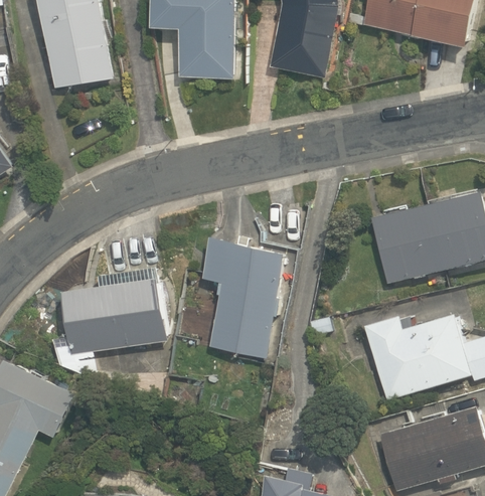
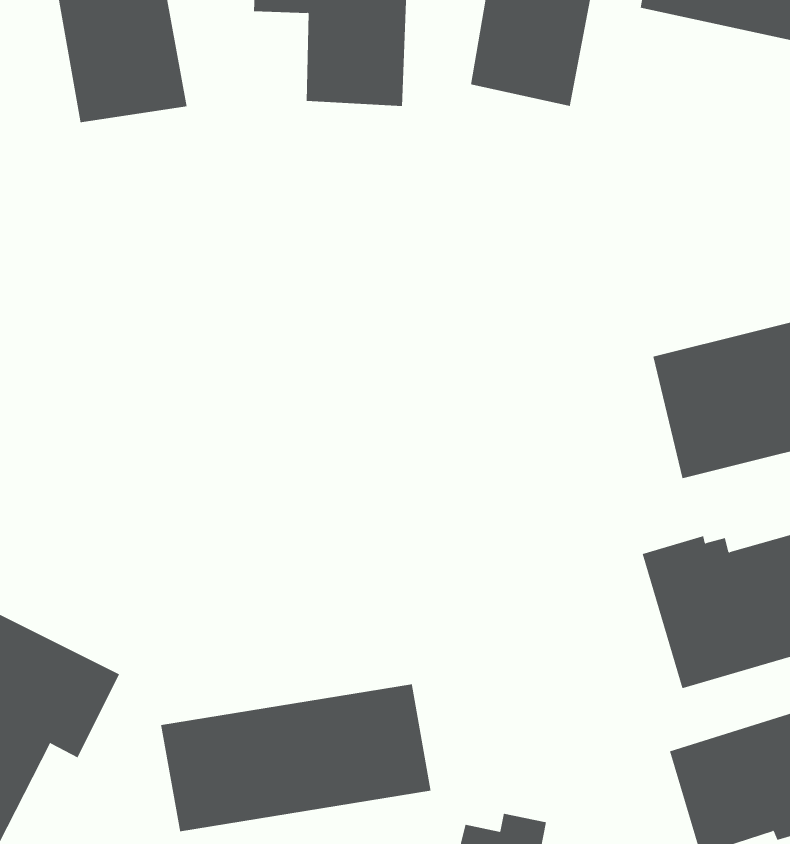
building: [200,234,285,358] -> none
building: [50,266,167,380] -> none
building: none -> [161,683,431,832]

